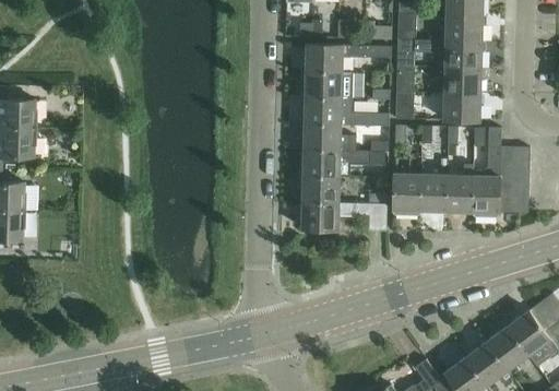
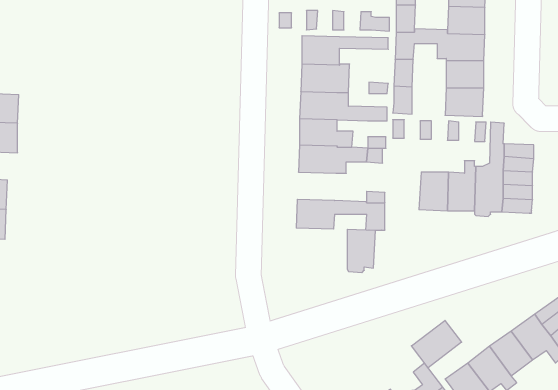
building: [394,174,421,215] -> [347,229,376,273]
building: [302,175,340,202] -> none
building: none -> [411,320,462,368]

